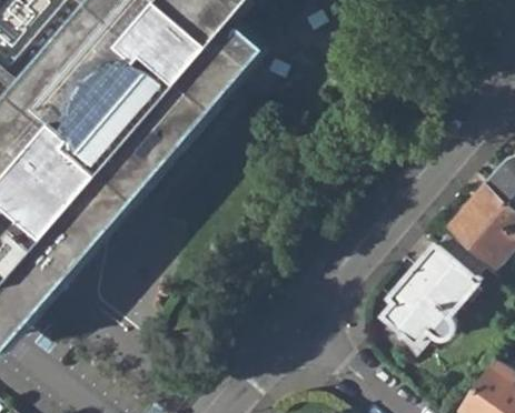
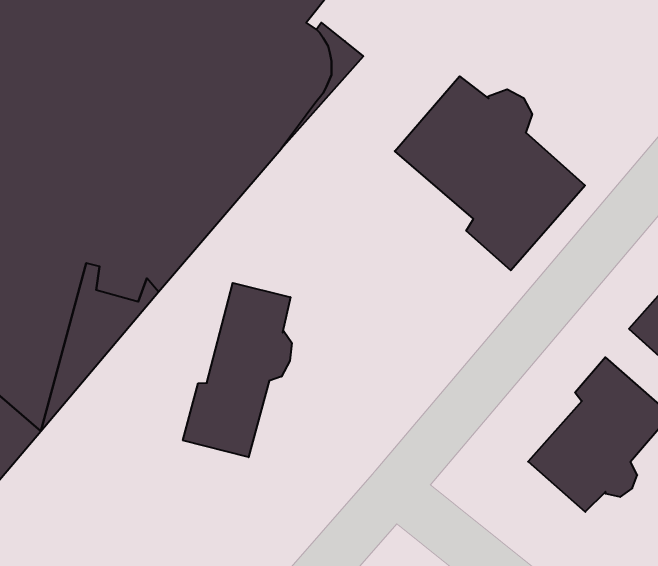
building: none -> [395,76,585,270]
building: none -> [183,283,292,457]

